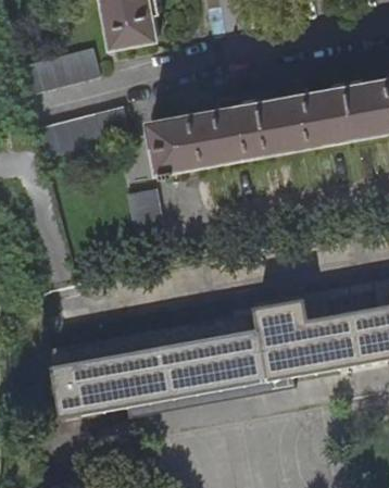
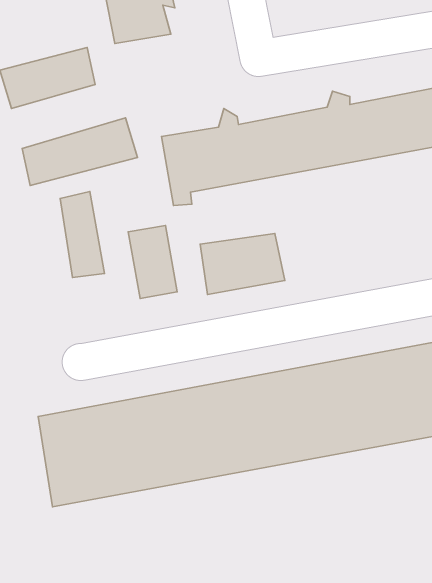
building: none -> [60,192,104,278]
building: none -> [200,234,285,294]

